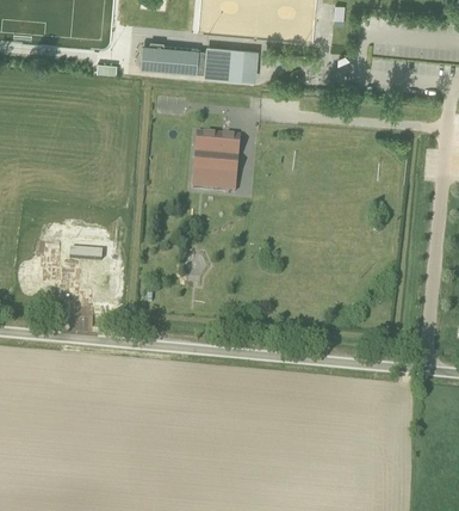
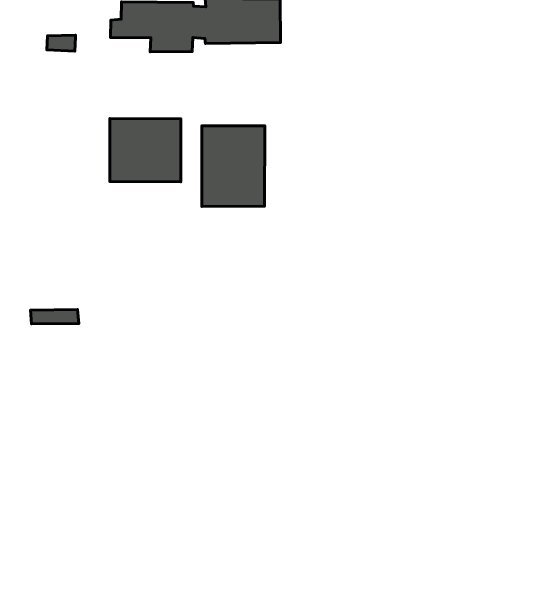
building: none -> [110,118,181,182]

